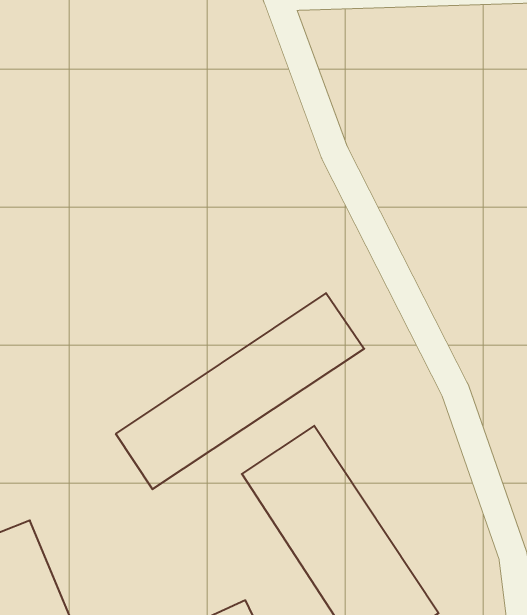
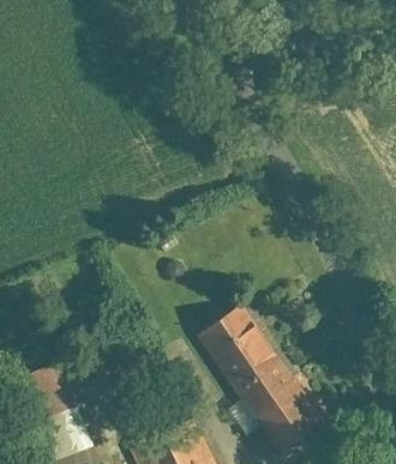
building: [116,293,364,489] -> none

